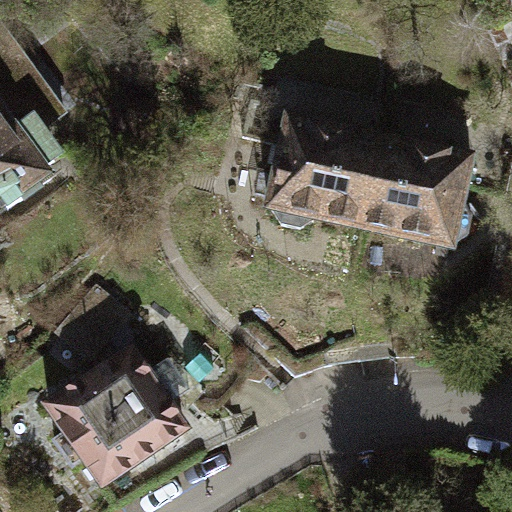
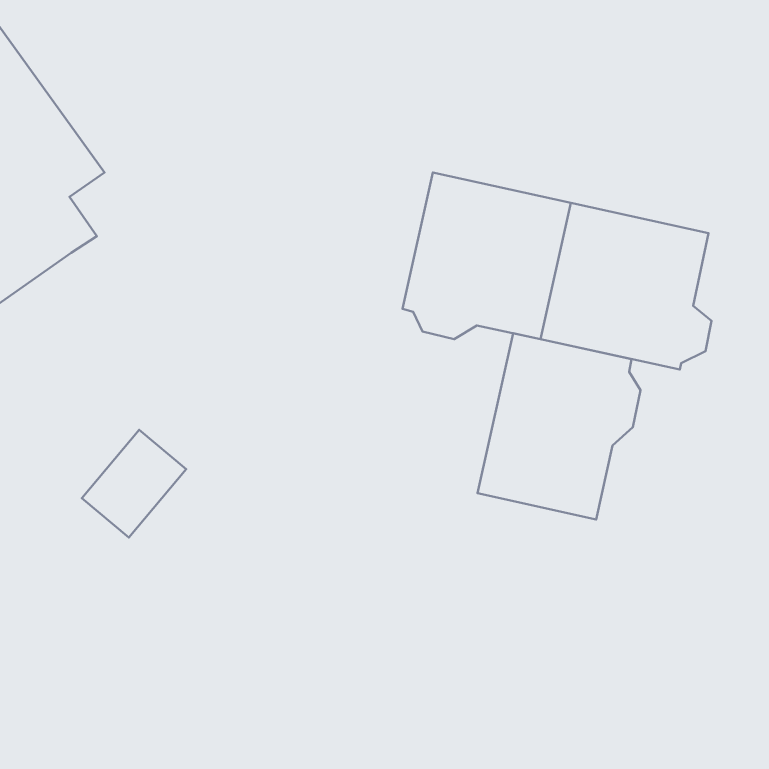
building: none -> [478,333,641,519]
building: [45,344,188,488] -> none

